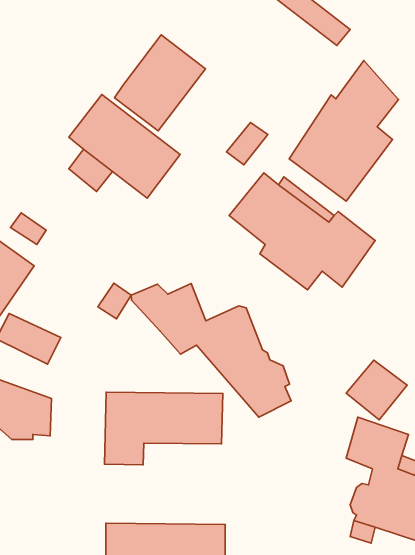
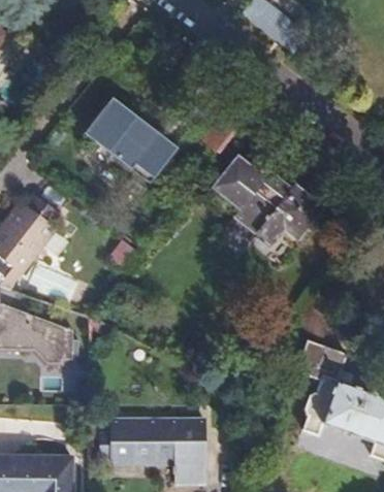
building: [114,35,206,131] -> none
building: [289,60,399,201] -> none
building: [131,283,291,417] -> none
building: [104,392,223,465] -> none

